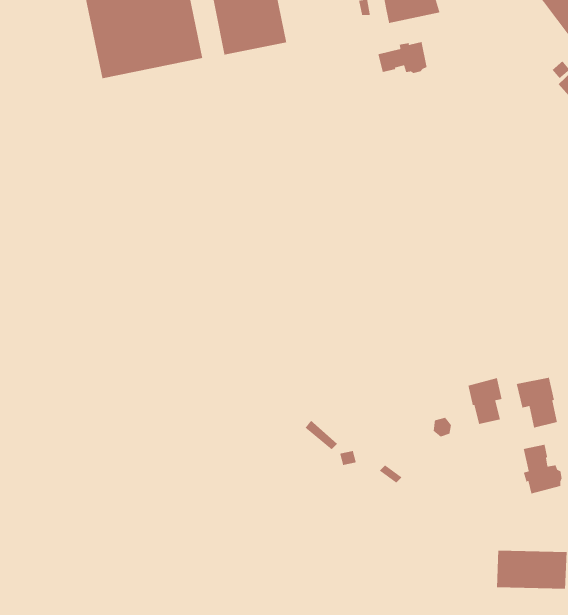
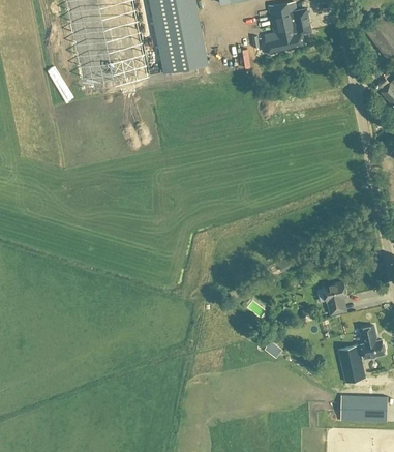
building: [377,41,428,74] -> none
building: [516,377,558,428] -> none
building: none -> [338,343,366,381]

